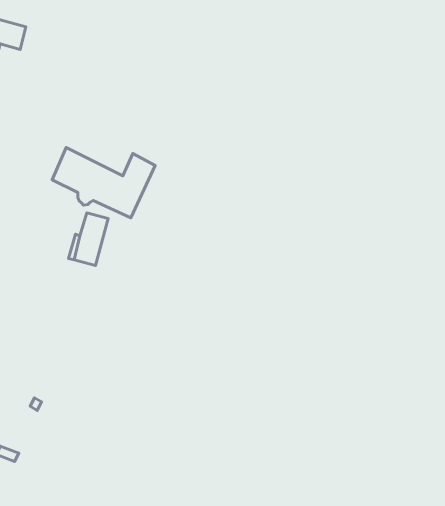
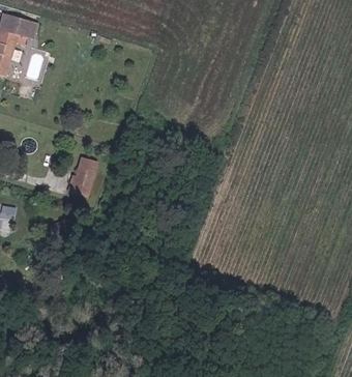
building: [52,147,155,218] -> none

